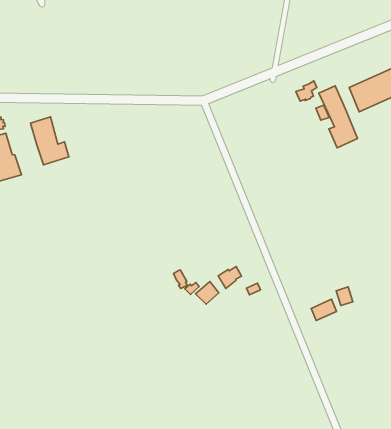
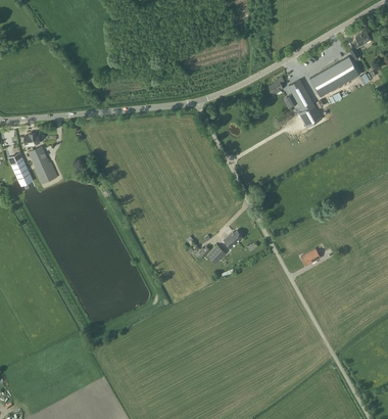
building: [31,117,69,165] -> none

